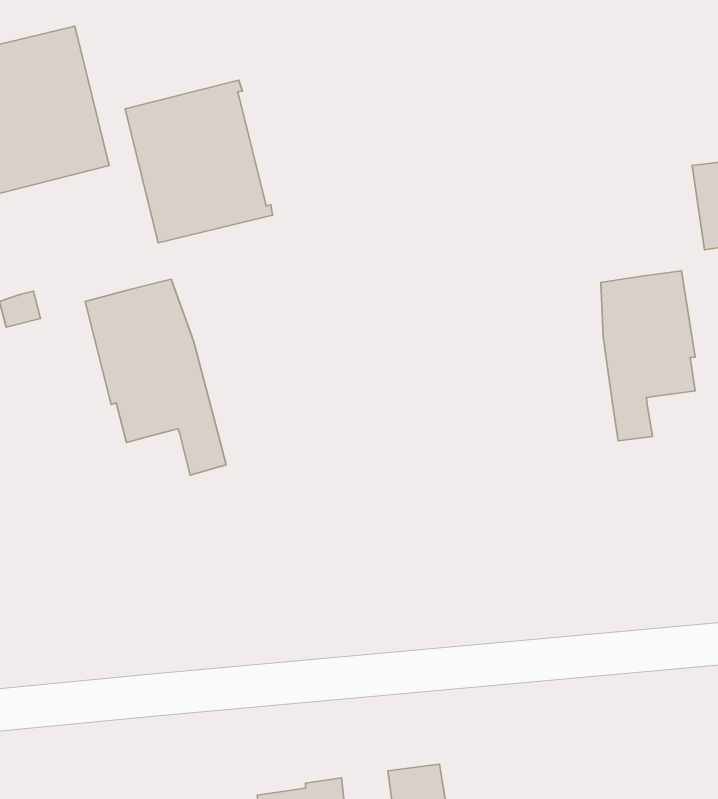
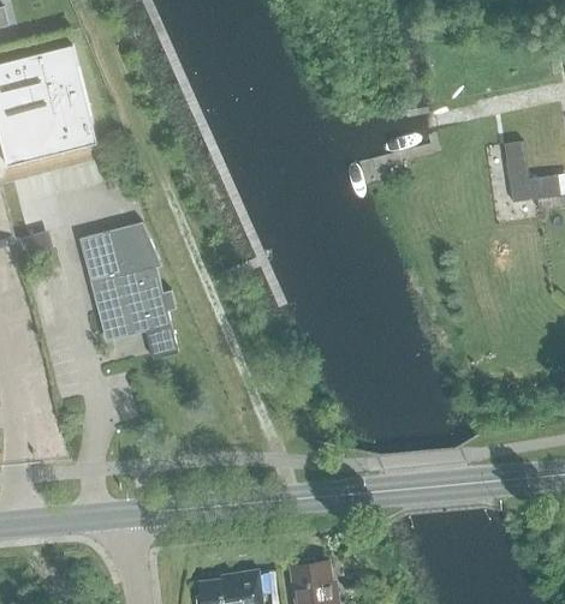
building: [125,80,273,243] -> none
building: [601,271,695,441] -> none

